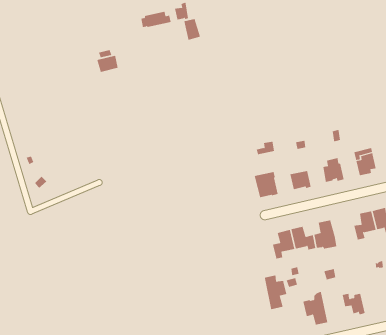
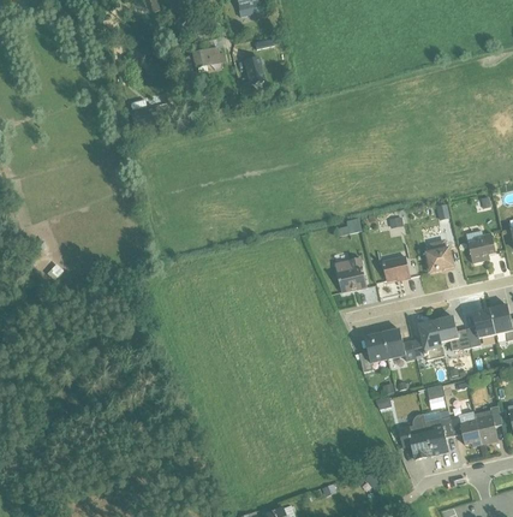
building: none -> [435,316,470,349]
building: [264,275,287,310] -> [423,409,453,454]
building: none -> [473,404,502,442]

